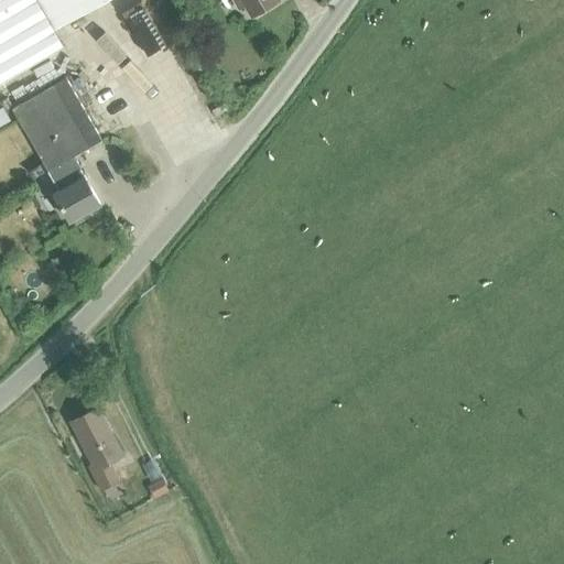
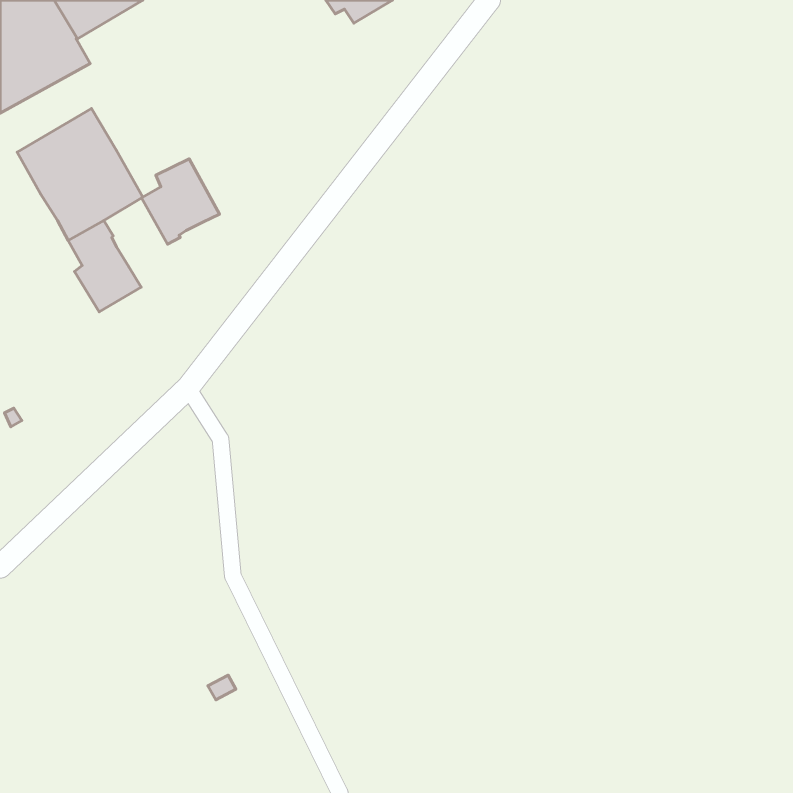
building: none -> [141,159,219,244]
building: [70,408,123,490] -> none

